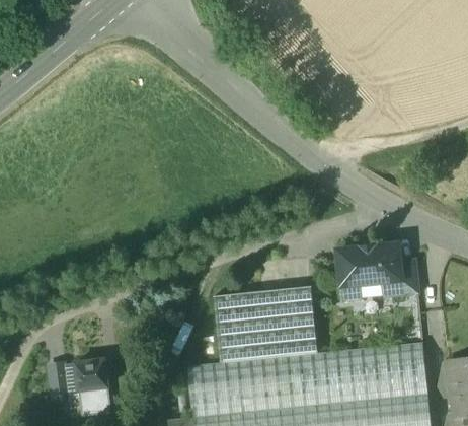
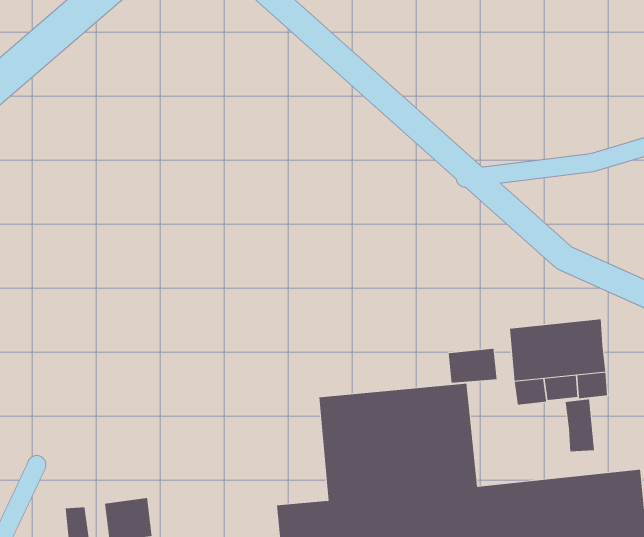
building: [399,262,418,296] -> [565,399,595,452]
building: none -> [448,348,497,384]

